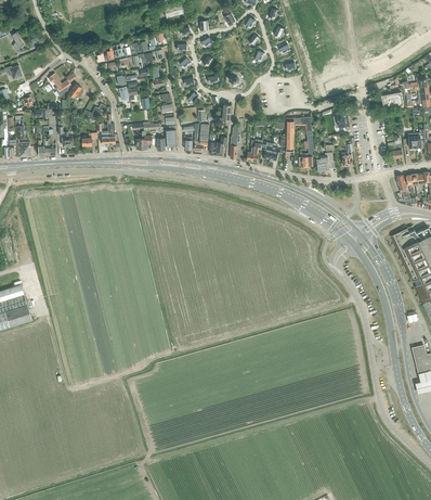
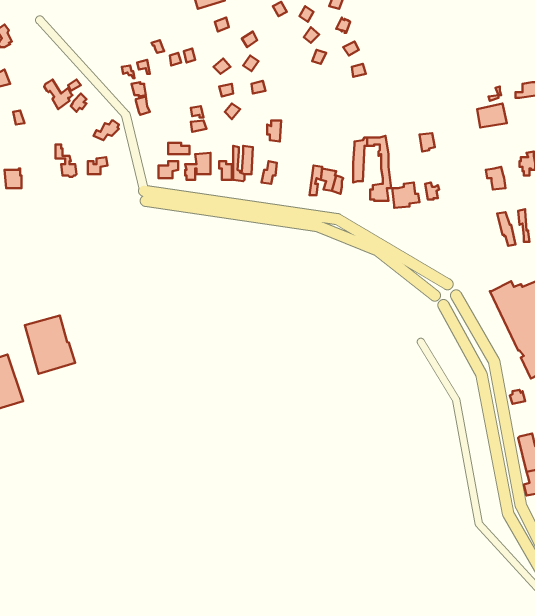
building: none -> [25,315,75,374]

